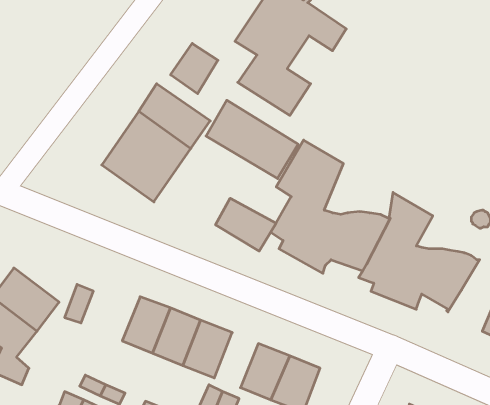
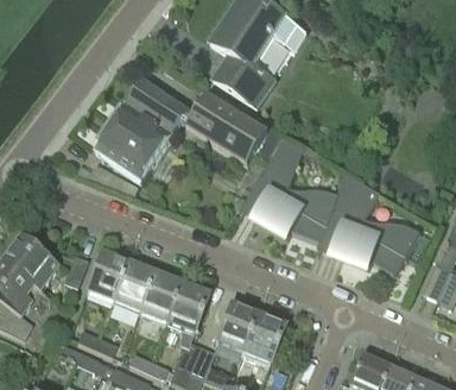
building: [171,43,218,94] -> none
building: [216,198,276,251] -> none
building: none -> [87,251,129,301]

